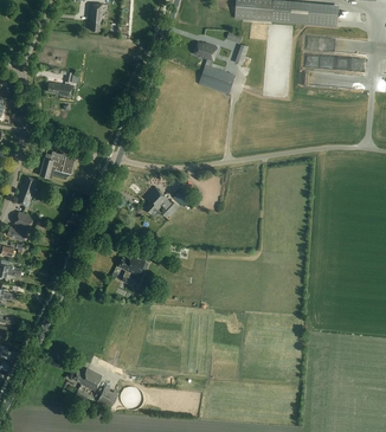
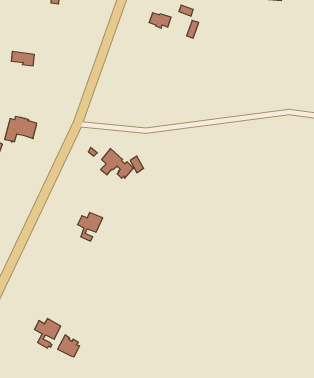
building: [199,64,236,94] -> none

